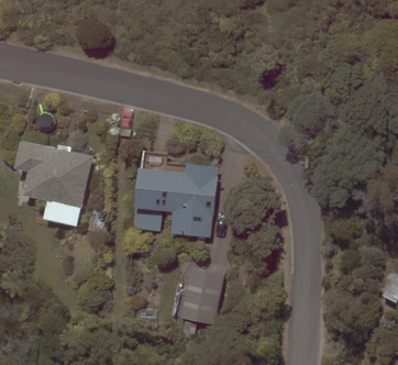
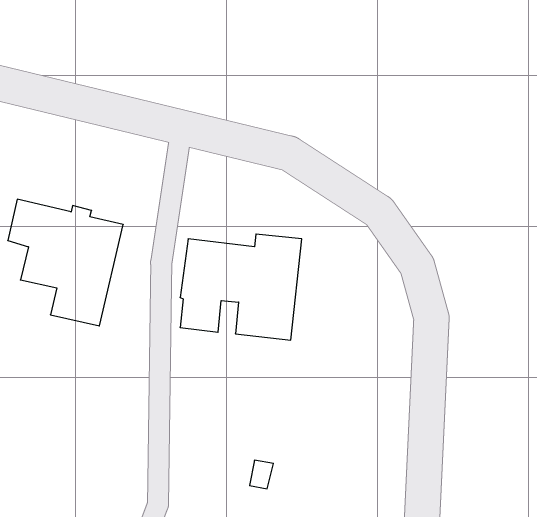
building: [179,267,224,324] -> none

